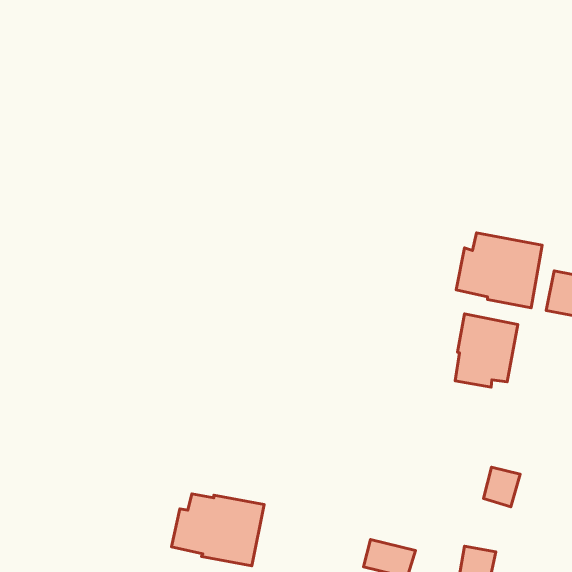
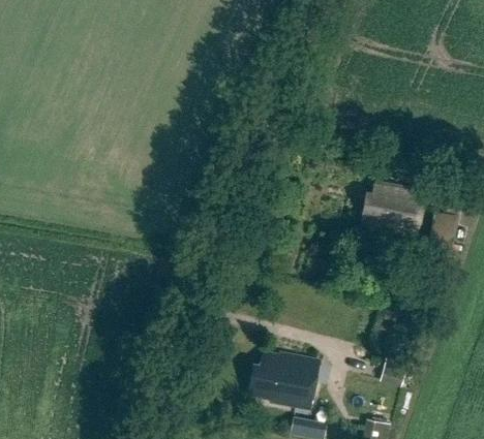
building: [455,314,518,387] -> none
building: [172,494,264,566] -> [248,353,319,408]

